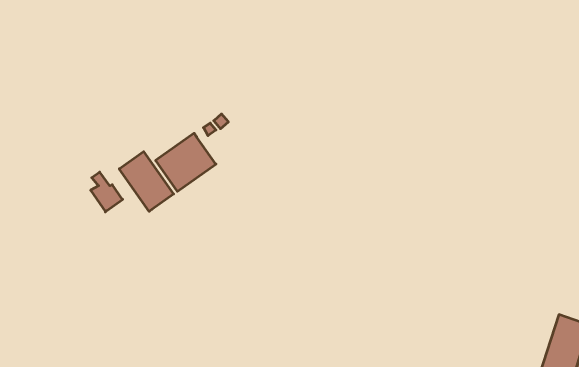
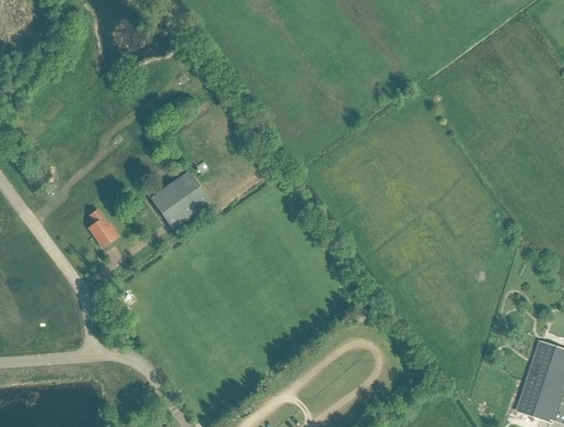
building: [119,152,174,211] -> none

